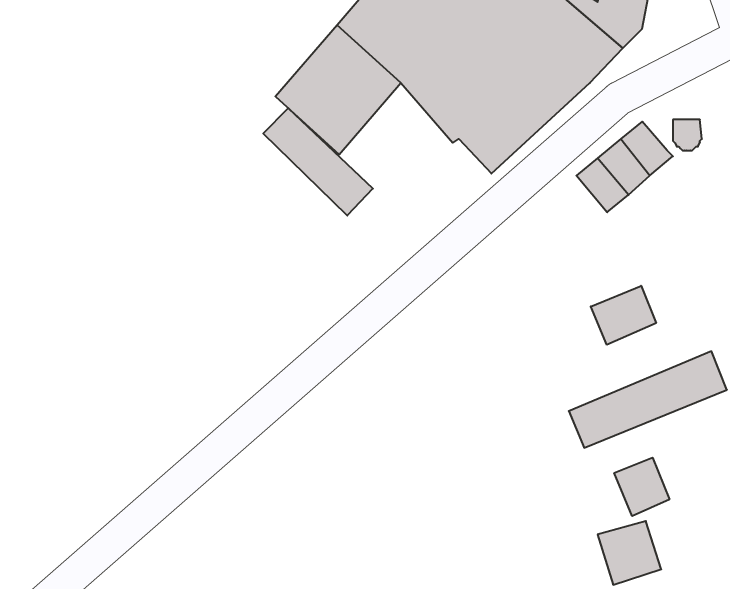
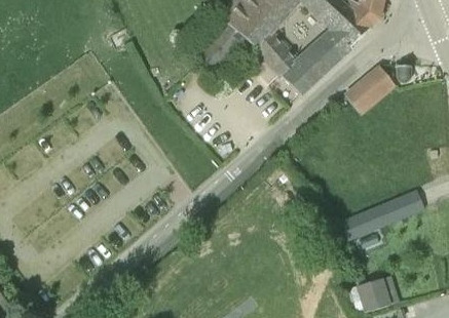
building: [263,108,373,216] -> none
building: [591,286,656,345] -> none
building: [614,458,669,516] -> none

